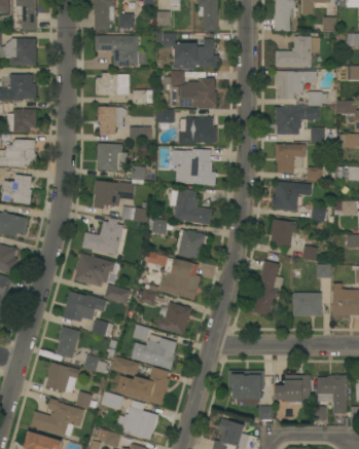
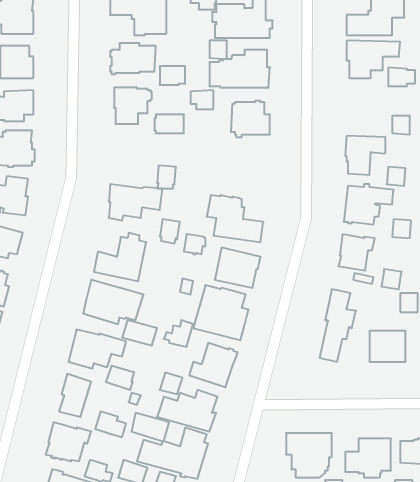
building: [276,108,320,135] -> none
building: [97,144,128,172] -> none
building: [172,149,216,185] -> none

